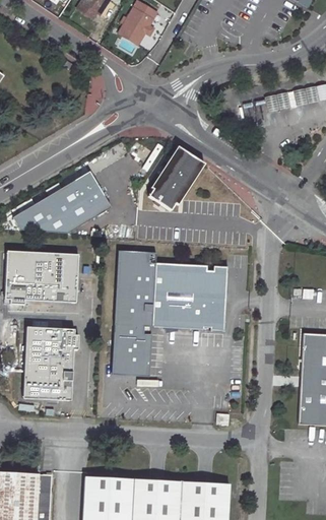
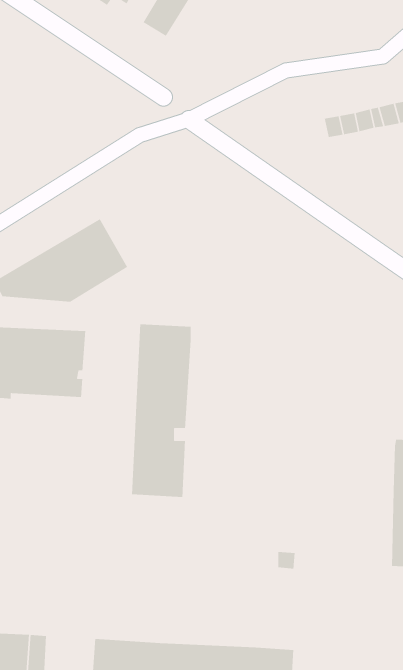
building: [148,147,205,211] -> none
building: [151,261,227,329] -> none
building: [22,326,79,401] -> none

